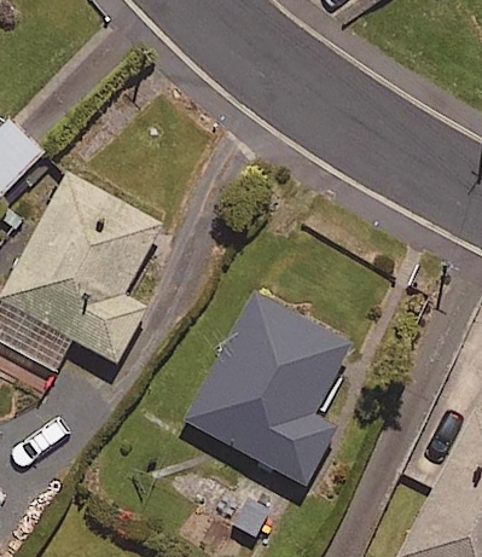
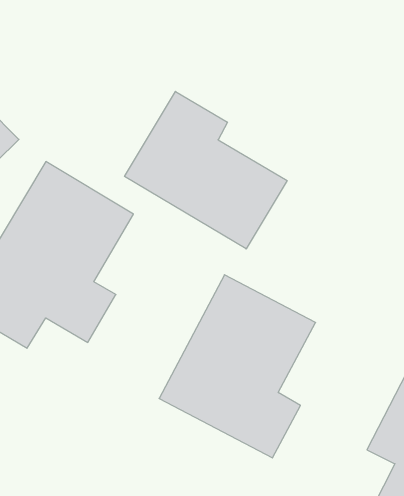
building: none -> [125,91,287,249]

